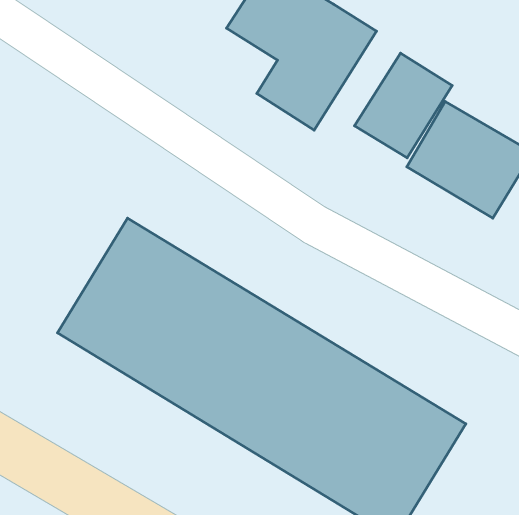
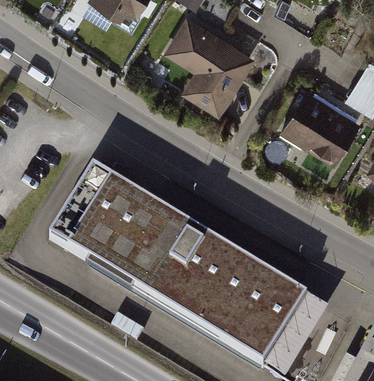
building: [355,53,452,158] -> none

